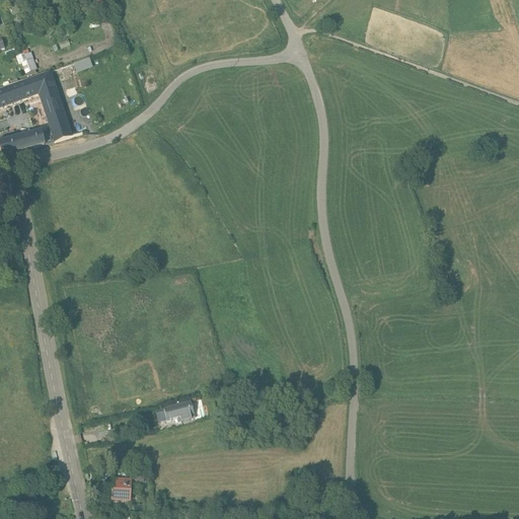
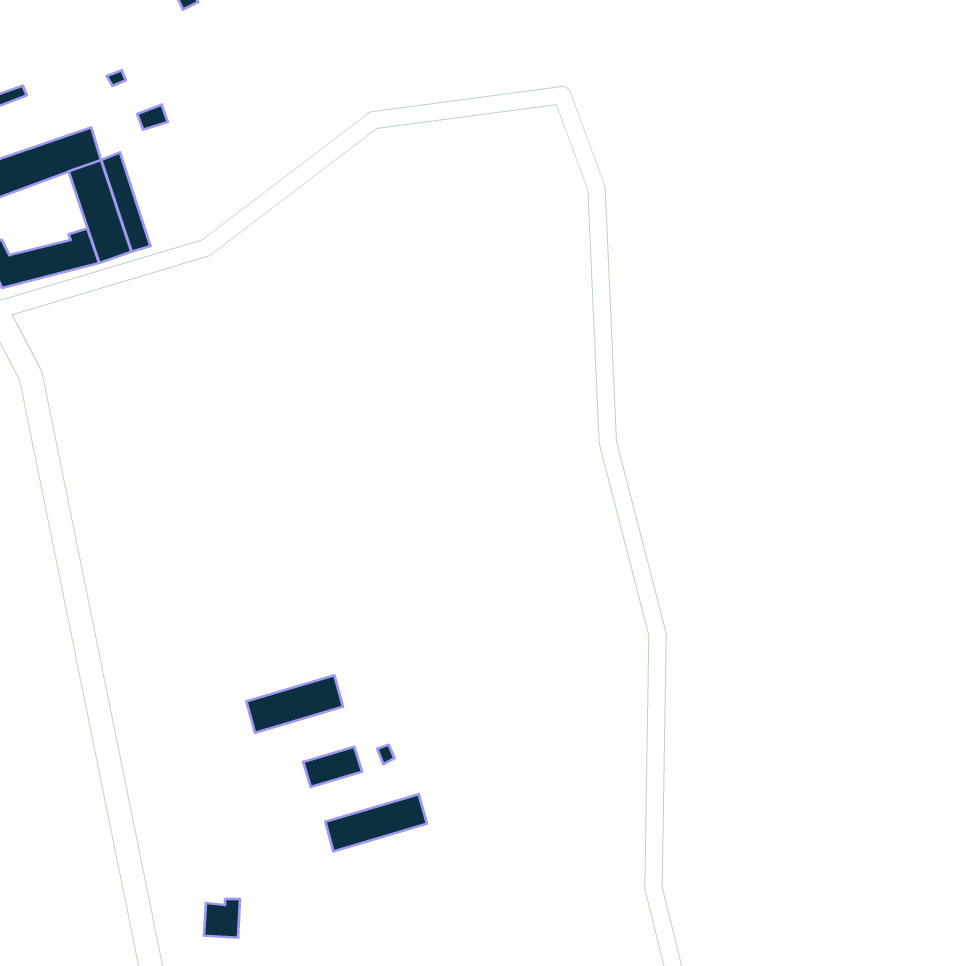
building: none -> [246,675,343,733]
building: none -> [325,794,427,851]

